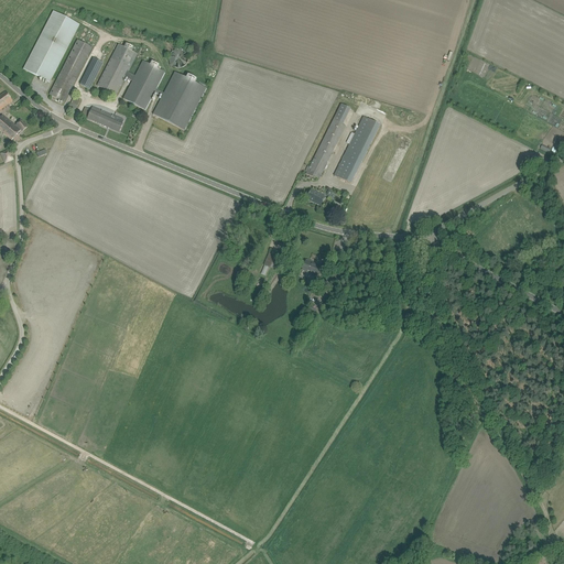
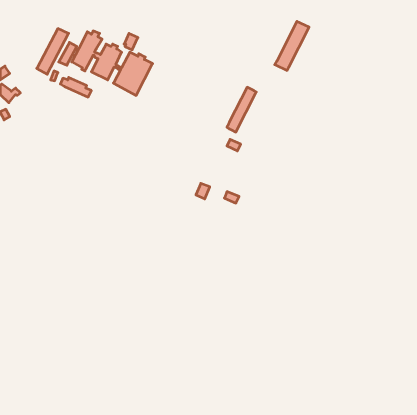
building: [23,9,79,82] -> none
building: [334,116,380,182] -> [275,21,309,70]

